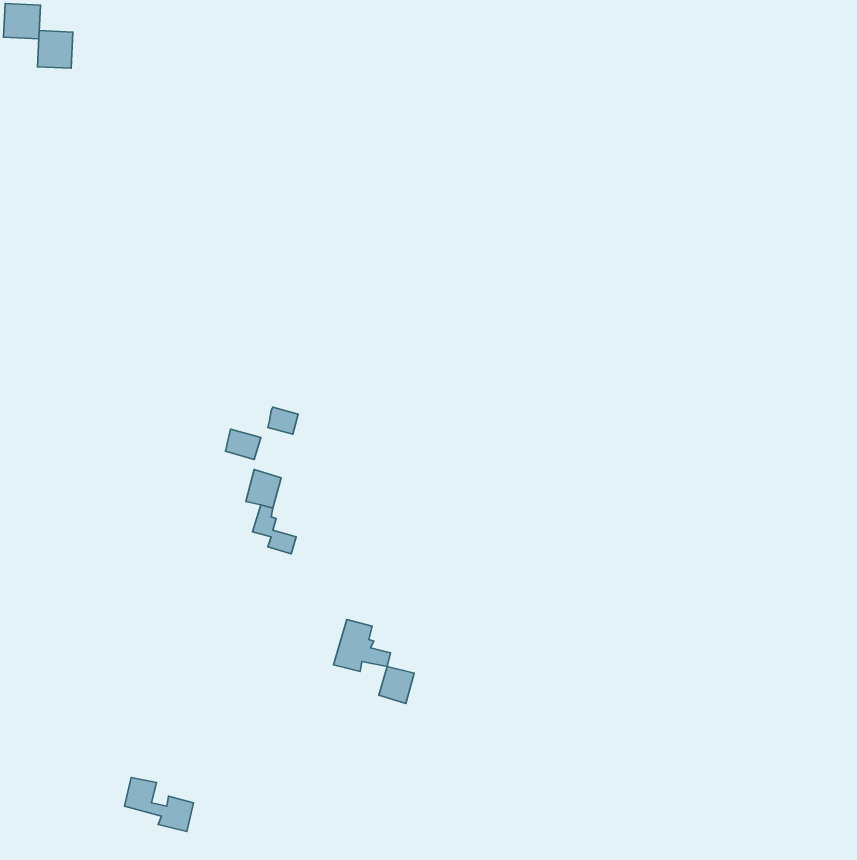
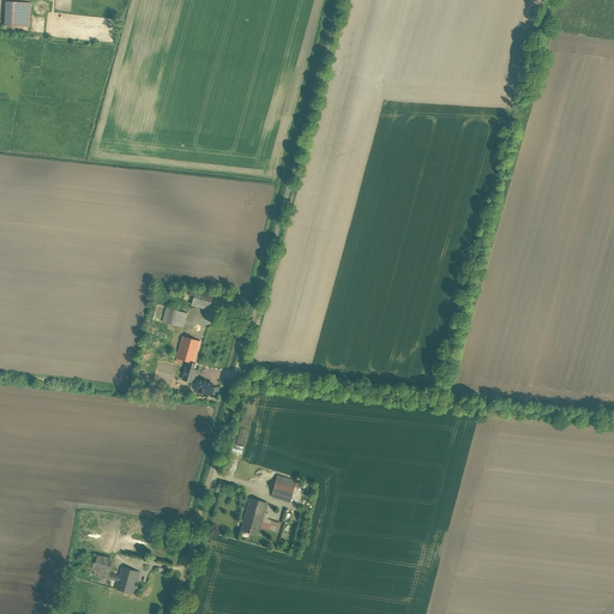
building: [37,31,73,68] -> none
building: [333,619,391,672] -> [239,498,279,535]

